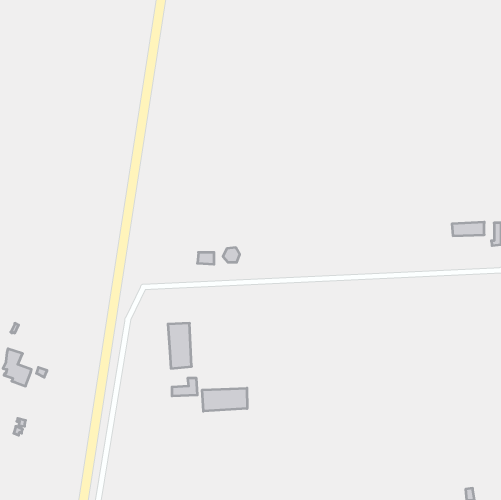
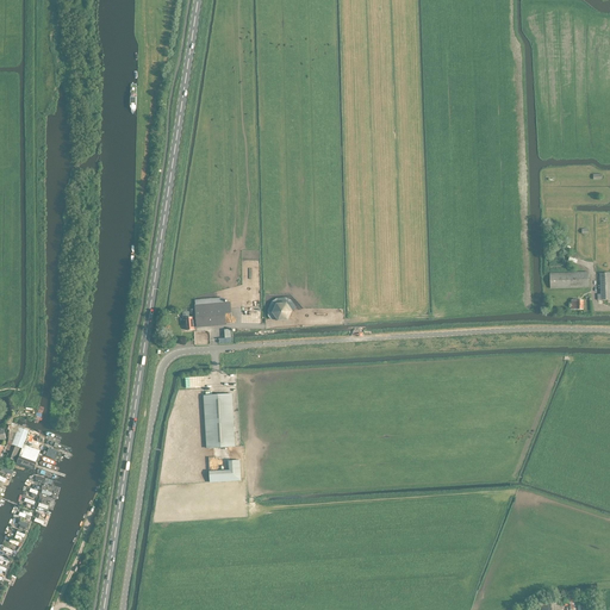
building: none -> [181,300,230,328]
building: [202,388,247,411] -> none

